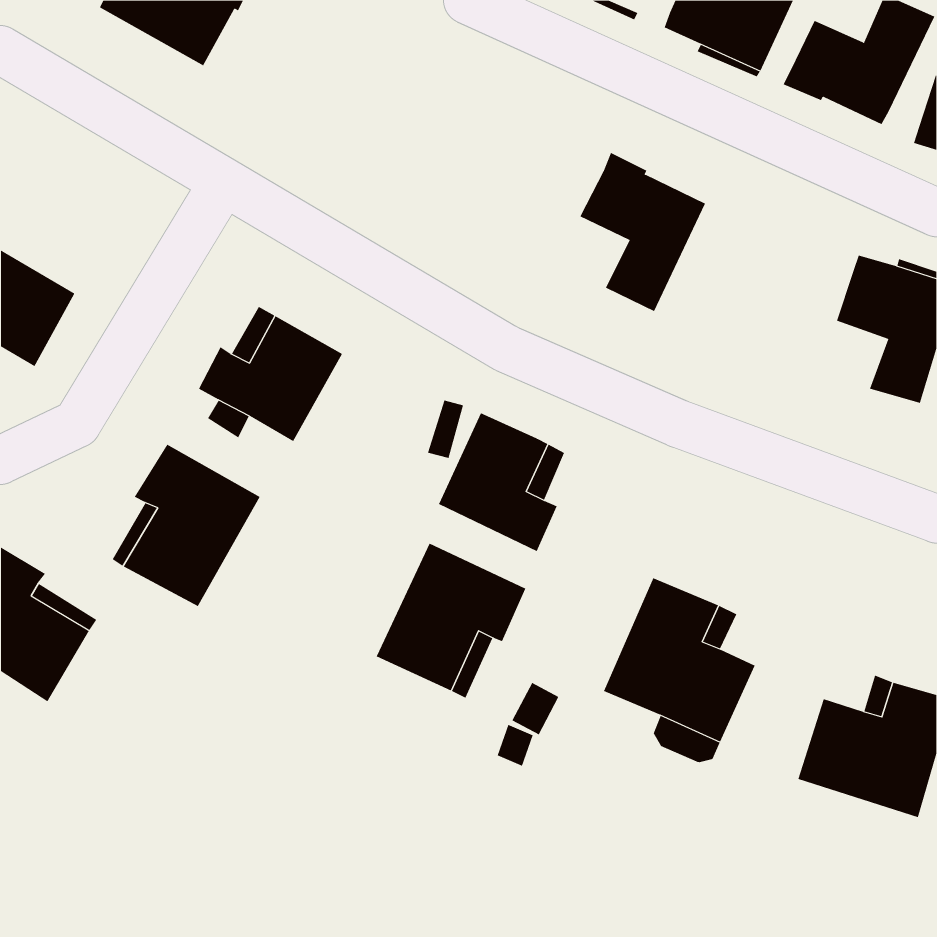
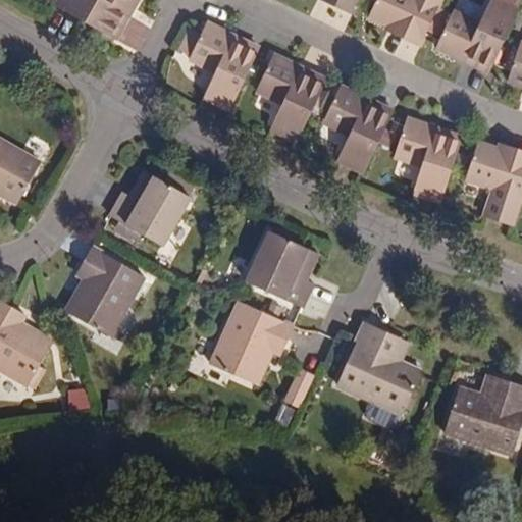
building: none -> [178,22,258,109]
building: none -> [256,54,325,142]
building: none -> [394,118,462,202]

